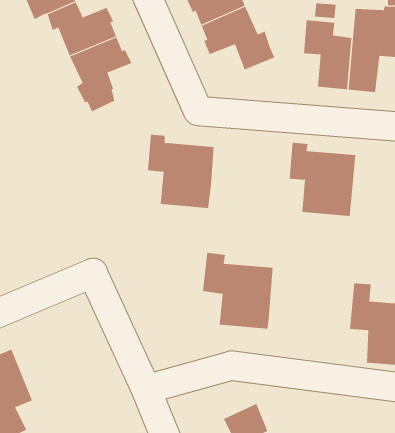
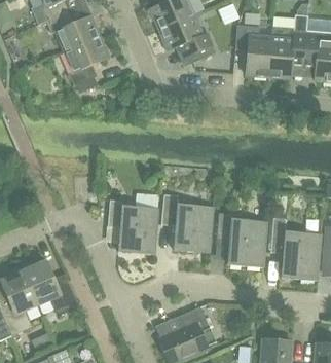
building: [147,134,215,208] -> [109,199,158,254]
building: [289,142,356,216] -> [218,213,267,267]
building: none -> [22,257,79,316]

